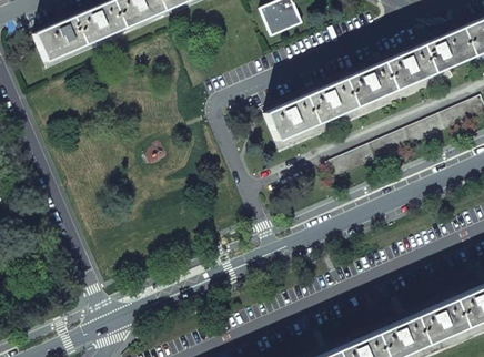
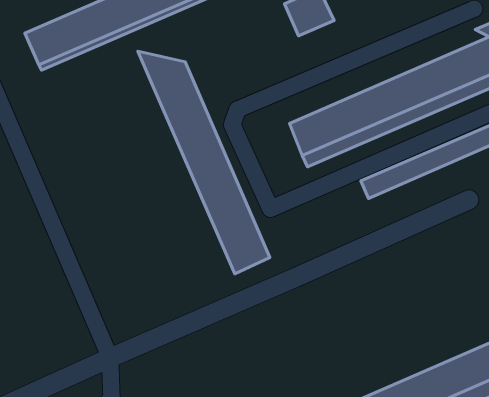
building: none -> [138,51,270,274]

